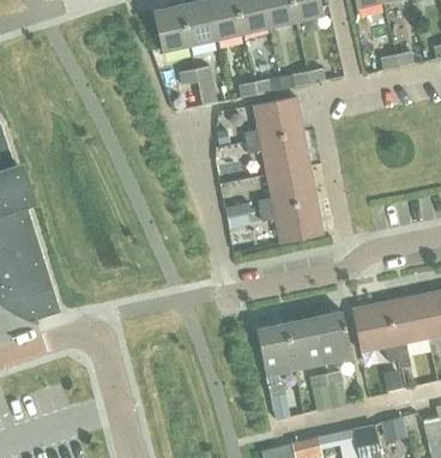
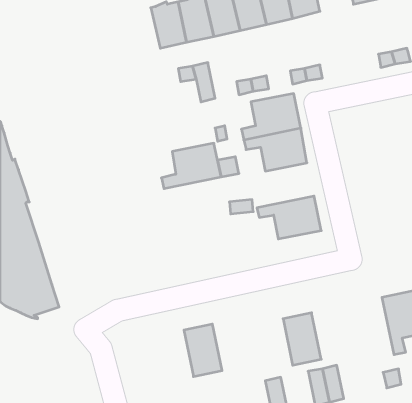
building: [256,167,316,212] -> [161,143,221,189]
building: [351,302,397,362] -> none
building: [314,312,351,364] -> none
building: [256,324,295,376] -> [184,324,222,377]

